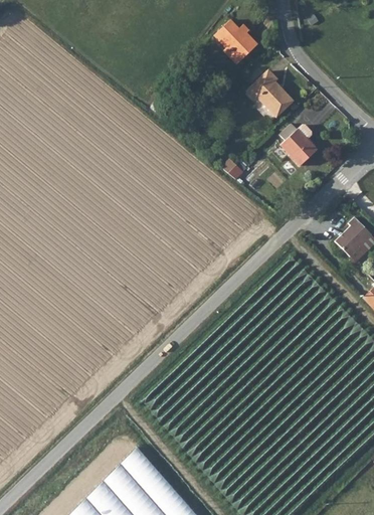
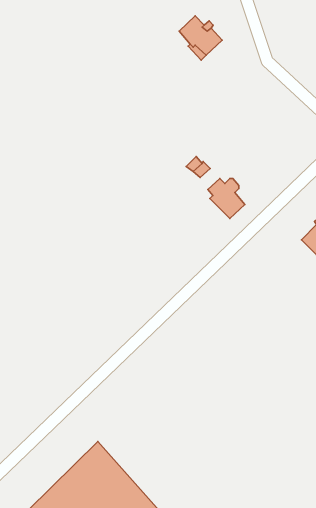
building: [249,71,295,118] -> none
building: [282,128,319,168] -> [208,178,245,219]

